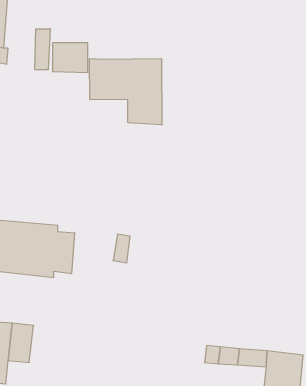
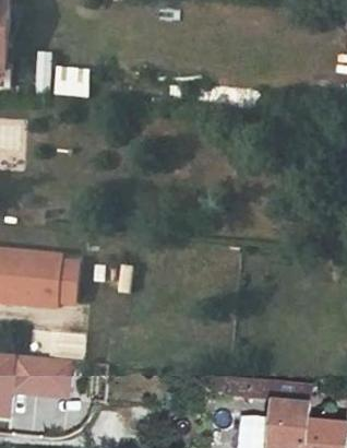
building: [90,59,162,125] -> none
building: none -> [31,356,69,398]

